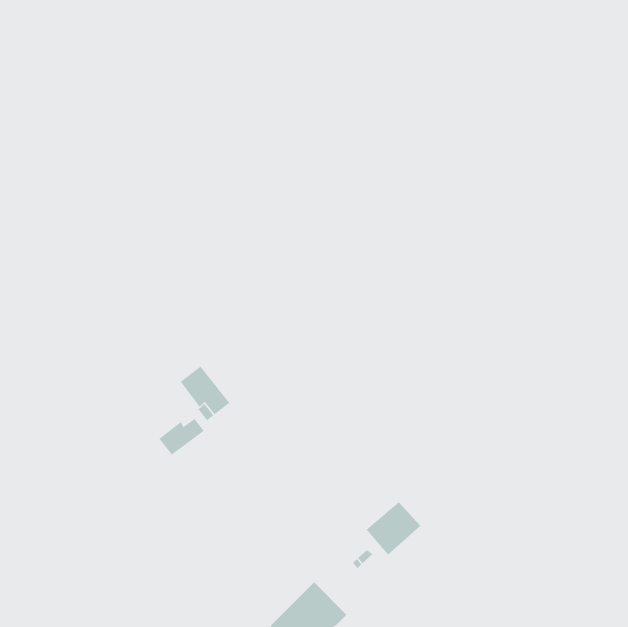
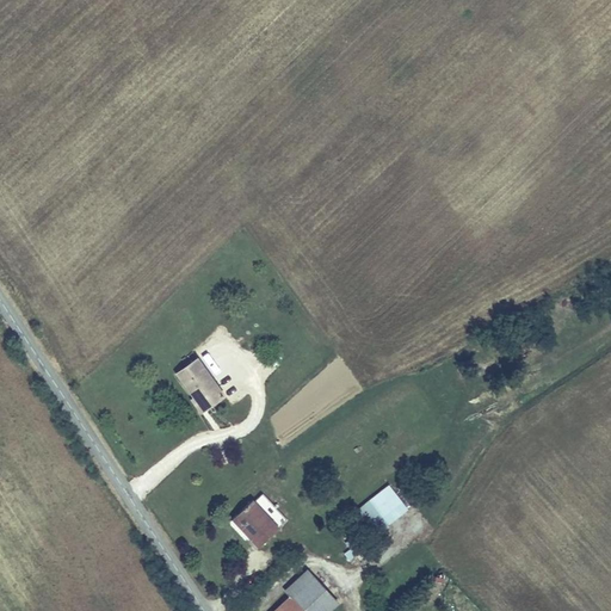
building: [159,418,205,456] -> none
building: none -> [229,500,288,551]

